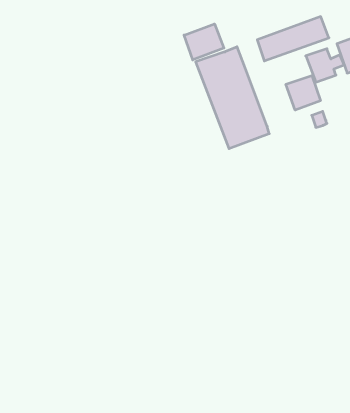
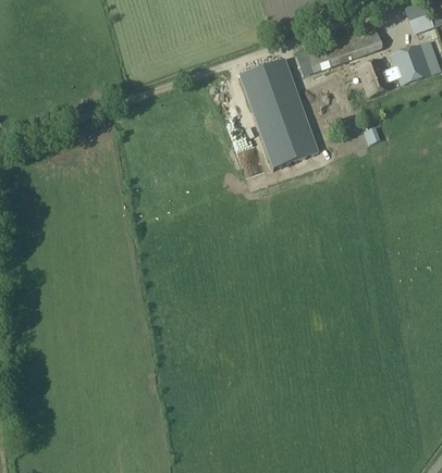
building: [184,24,224,60] -> none
building: [286,76,320,110] -> none

